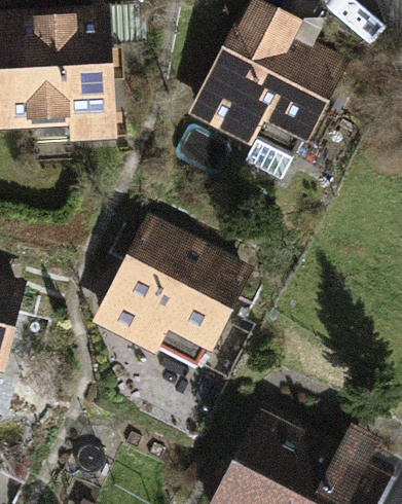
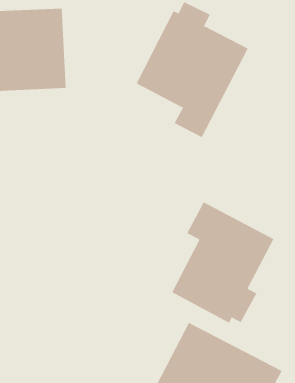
building: [101,226,244,351] -> none
building: none -> [171,202,274,323]

